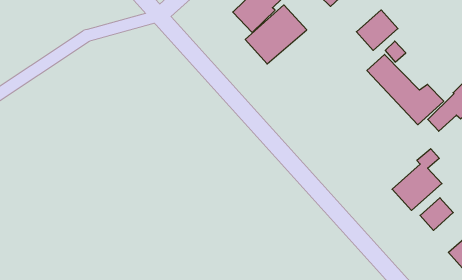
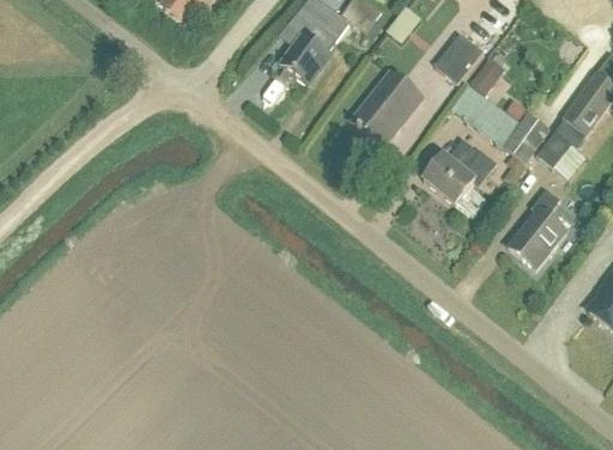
building: [245,5,307,64] -> [353,71,425,145]
building: none -> [425,136,492,214]
building: [420,198,453,230] -> none

